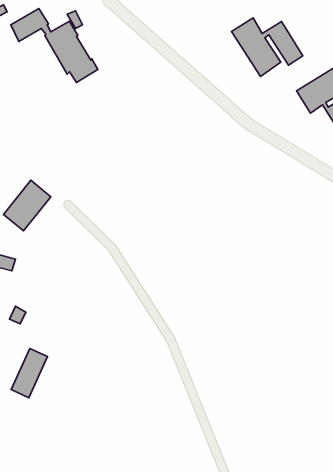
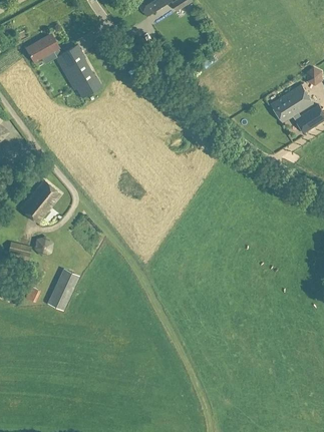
building: [232,18,303,76] -> none
building: [11,348,48,398] -> [48,268,79,310]

